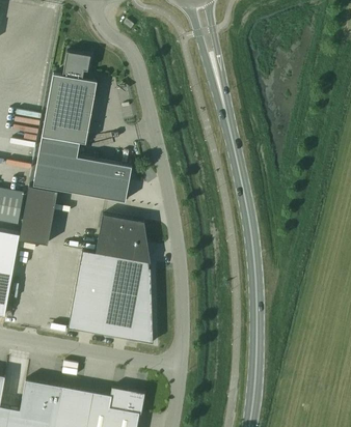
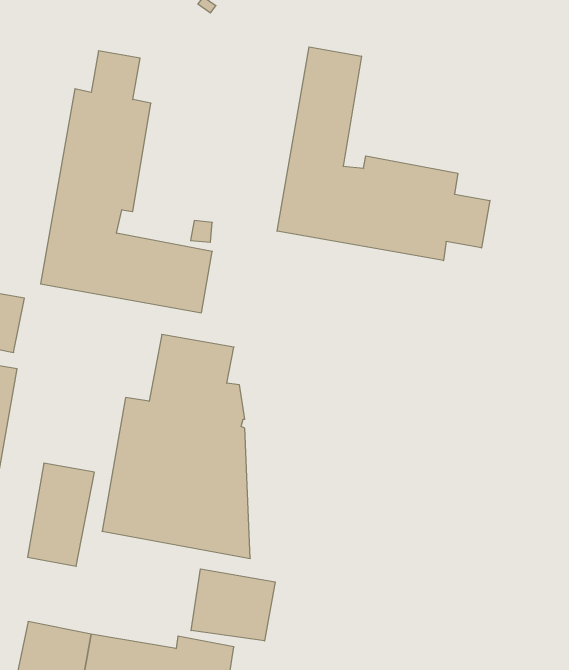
building: none -> [277,47,490,261]
building: [20,186,58,245] -> [28,463,94,566]
building: none -> [191,569,275,641]

